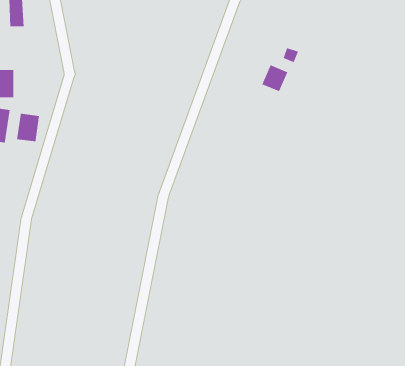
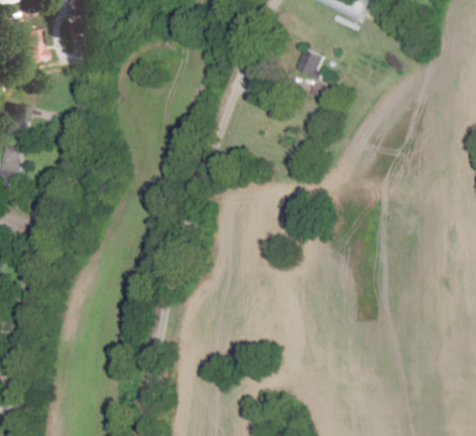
building: [262,65,288,92] -> [295,48,324,78]
building: [17,113,40,142] -> none

